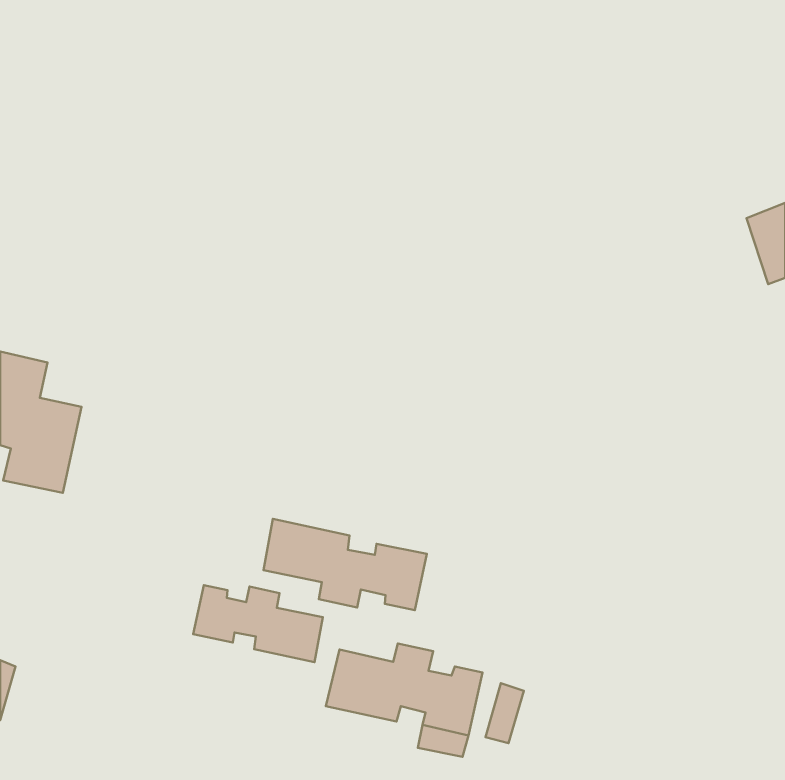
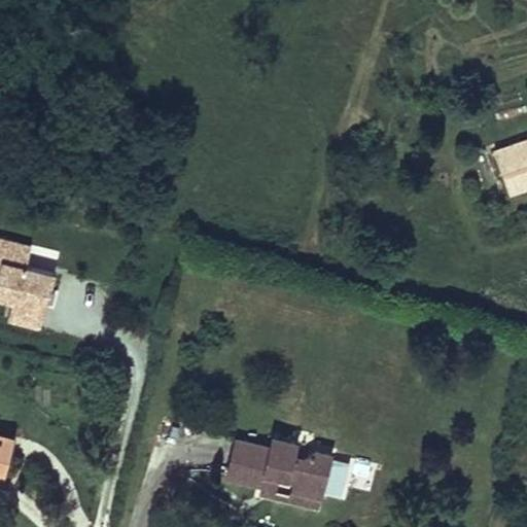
building: [263,519,427,610] -> none
building: [193,585,323,662] -> none

